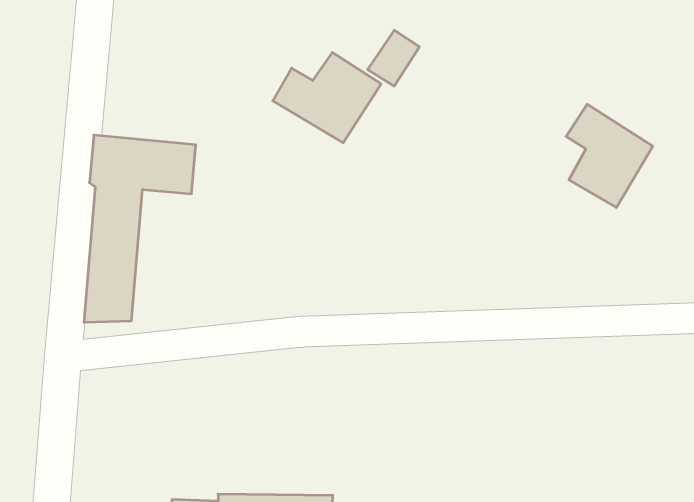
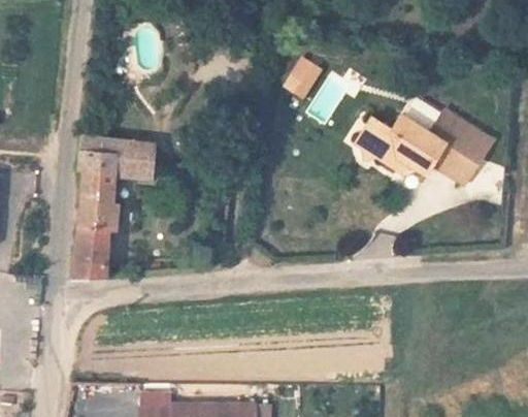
building: [273,52,381,143] -> none
building: none -> [356,117,443,179]

